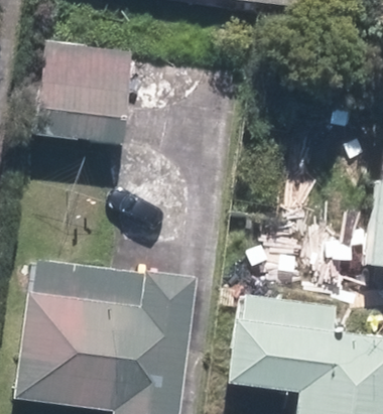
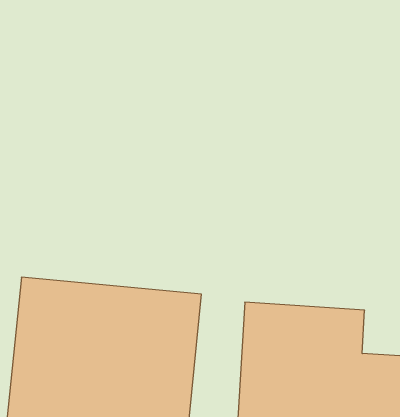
building: [31,36,131,141] -> none

